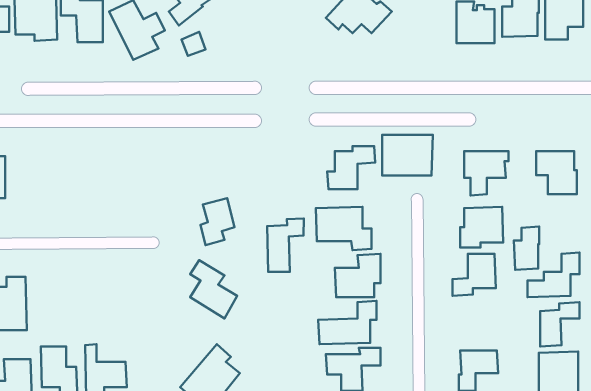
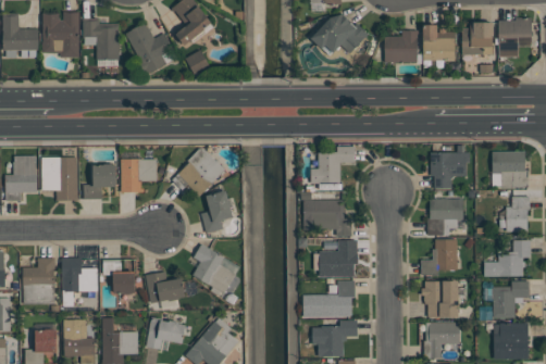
building: none -> [385,29,418,62]
building: [382,135,433,176] -> none
building: none -> [171,149,223,194]
building: none -> [41,158,76,199]
building: none -> [121,160,156,191]
building: none -> [84,162,114,199]
building: [267,218,304,272] -> none
building: [514,227,539,270] -> [506,196,528,233]
building: none -> [62,260,97,307]
building: none -> [102,260,135,293]
building: none -> [146,273,185,302]
building: none -> [424,281,455,318]
building: none -> [146,322,184,350]

